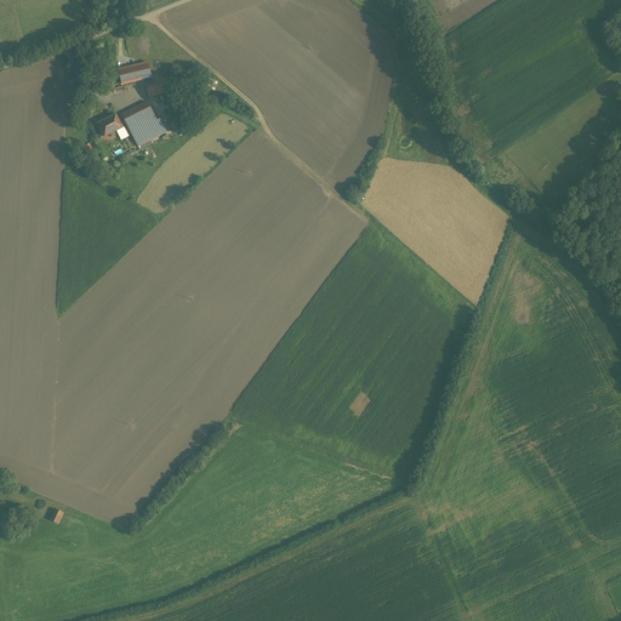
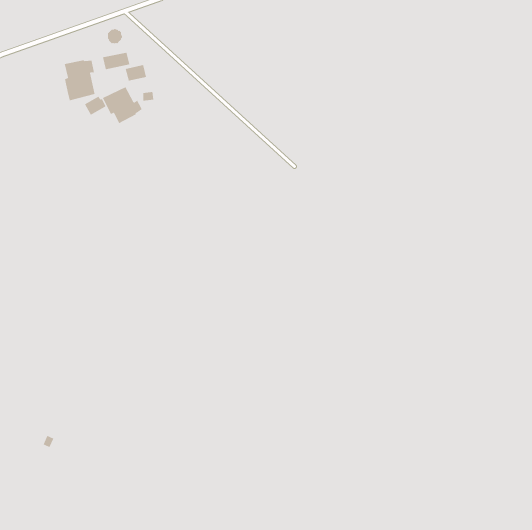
building: none -> [64,59,95,101]

